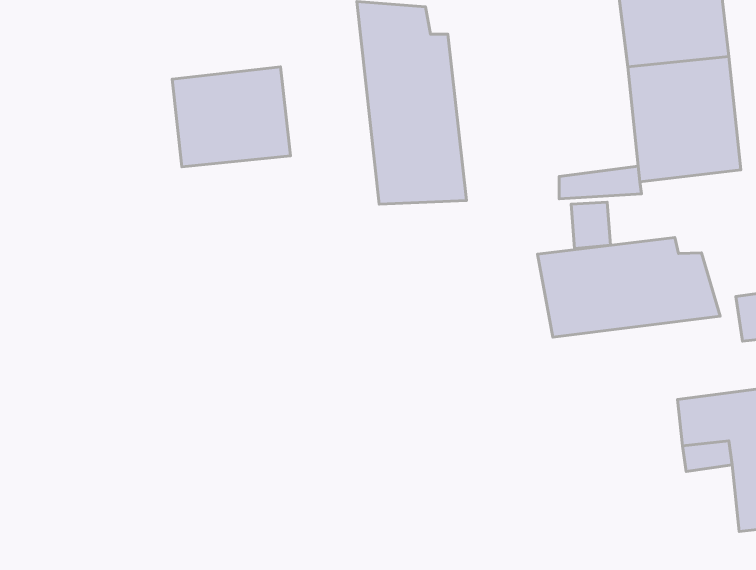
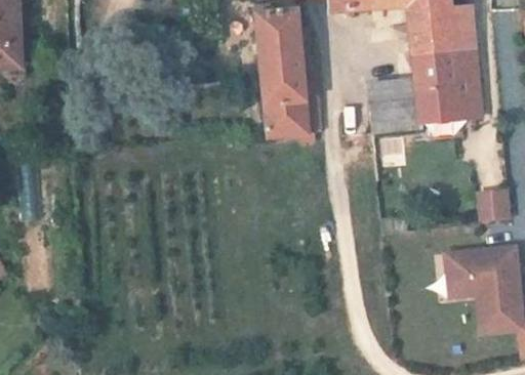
building: [172,67,290,167] -> none
building: [537,237,720,337] -> none

